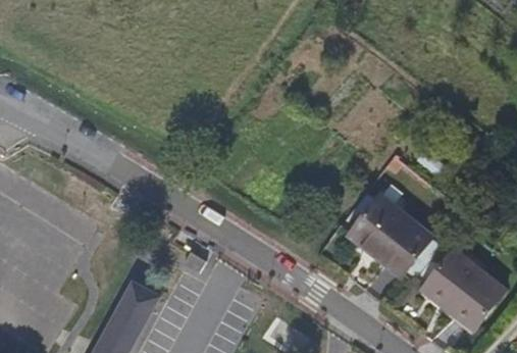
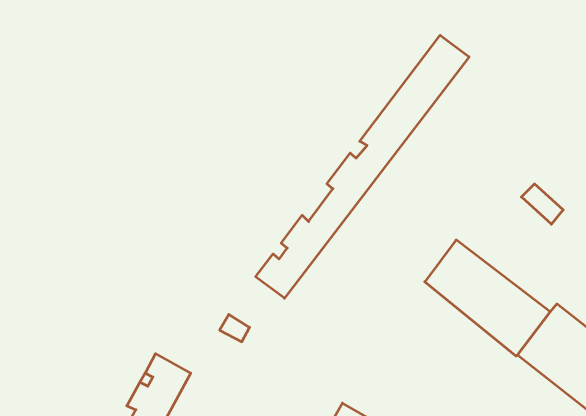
building: none -> [256,35,469,298]

